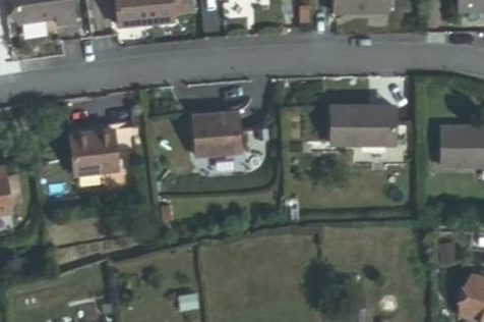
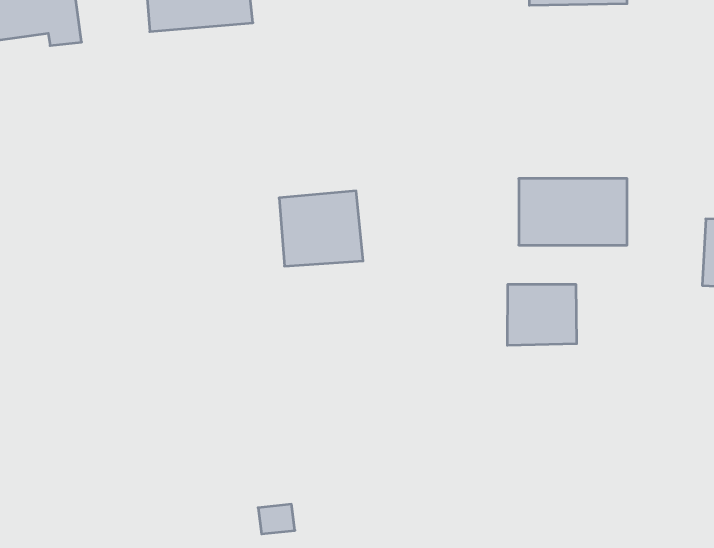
building: [69,129,119,176] -> none
building: none -> [507,284,577,345]

